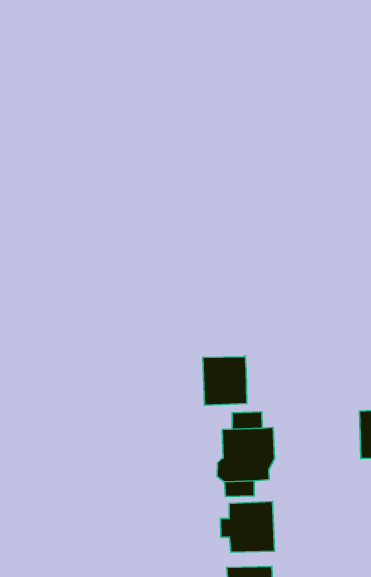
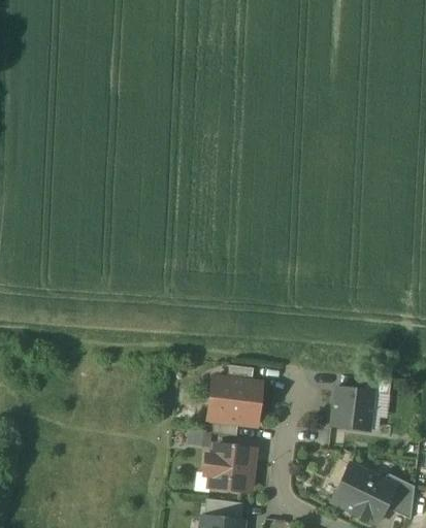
building: [203,356,247,405] -> none

